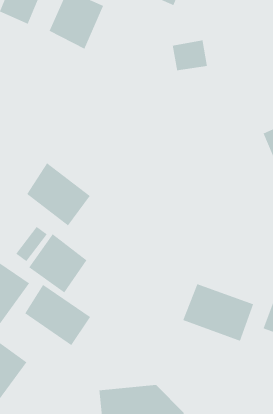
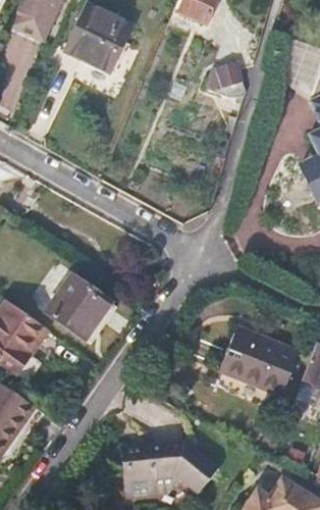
building: [26,162,91,226] -> none
building: [24,284,91,346] -> none

